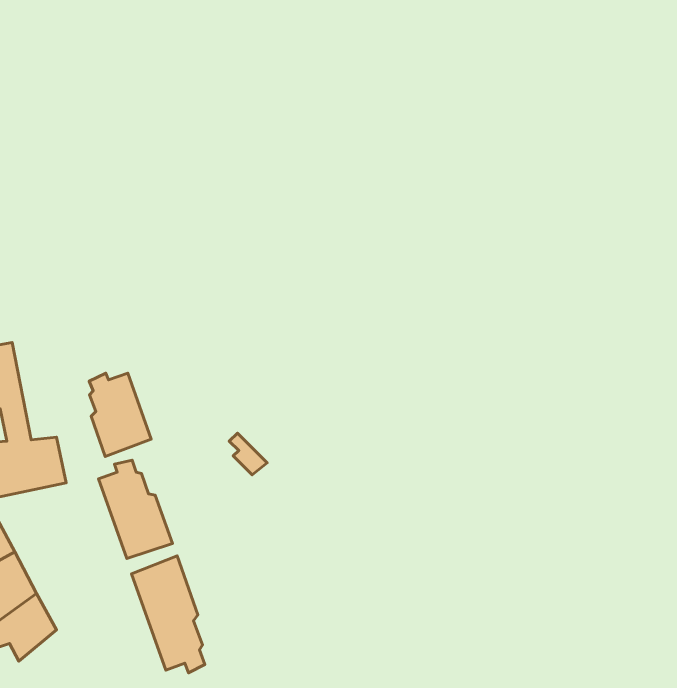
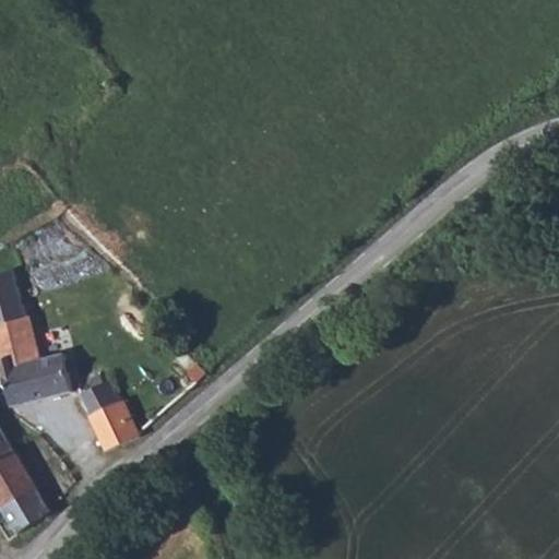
building: [89,373,151,457] -> none
building: [131,556,205,673] -> none

